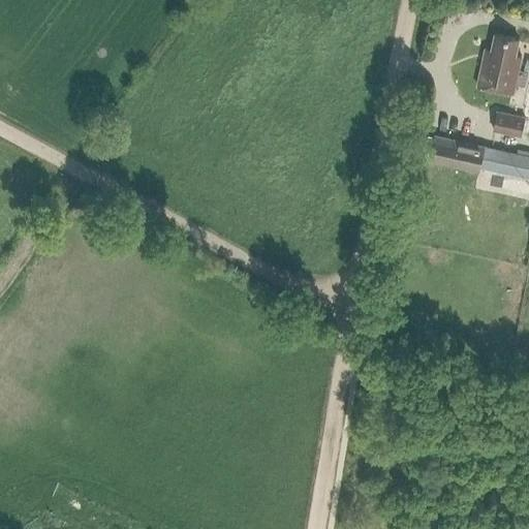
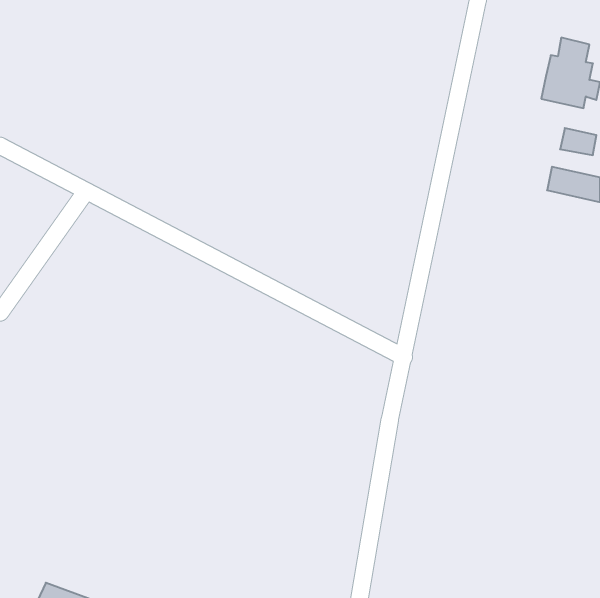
building: [430,137,485,175] -> none

